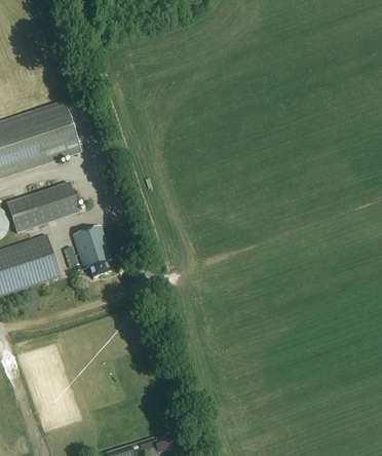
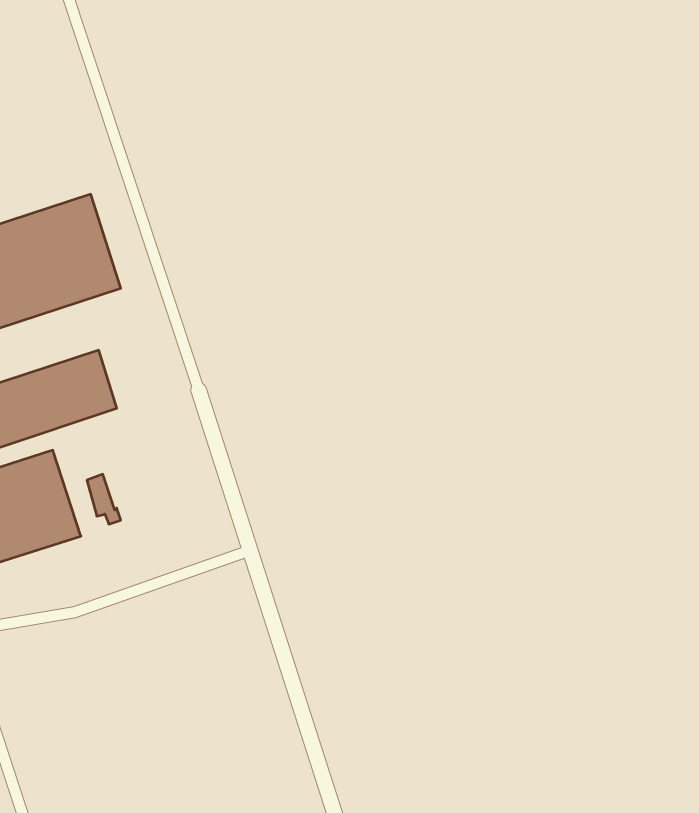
building: [72,225,111,277] -> none

